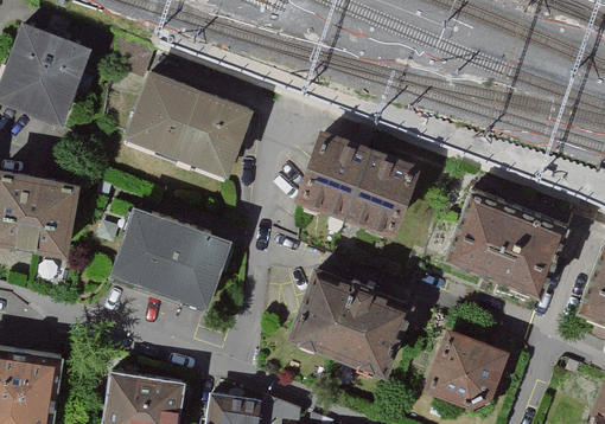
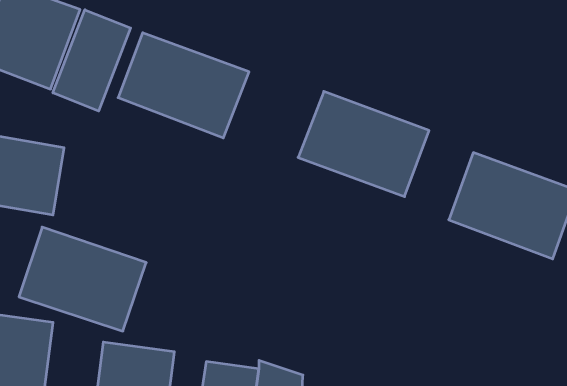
building: none -> [53,10,131,111]
building: [114,201,237,302] -> [19,227,146,331]
building: [291,275,401,374] -> none
building: [431,330,510,406] -> none

